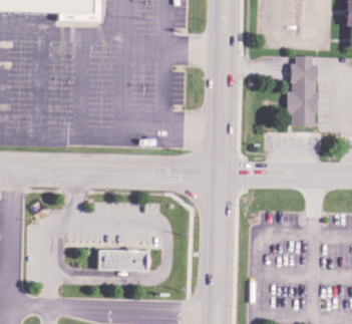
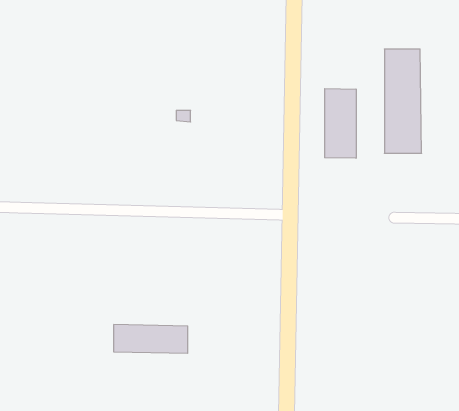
building: none -> [325,89,356,158]

